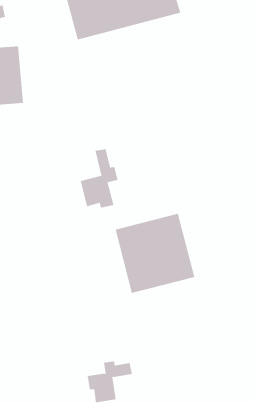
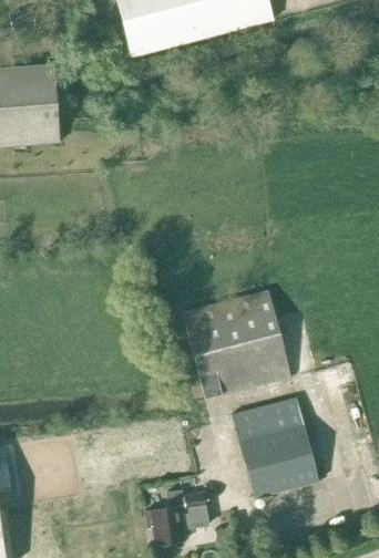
building: [80,148,118,208] -> none
building: none -> [233,397,319,497]

